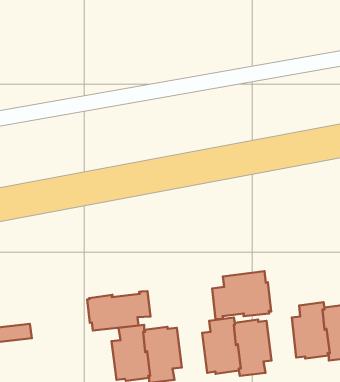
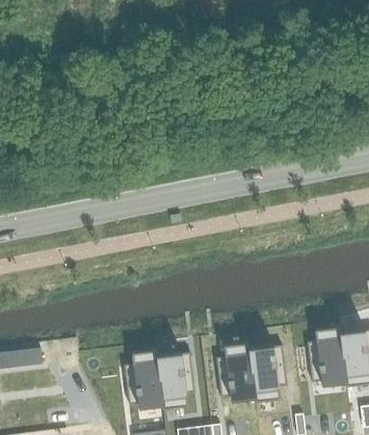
building: [212,271,271,319] -> none
building: [87,291,151,331] -> none

